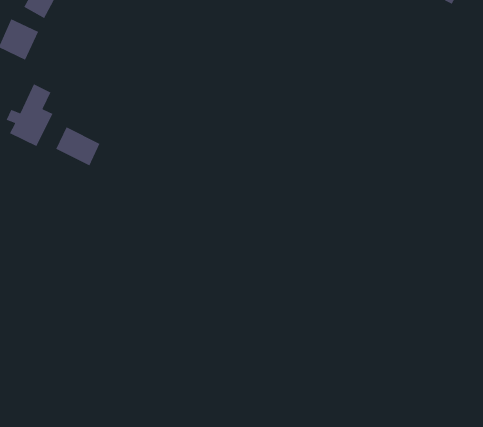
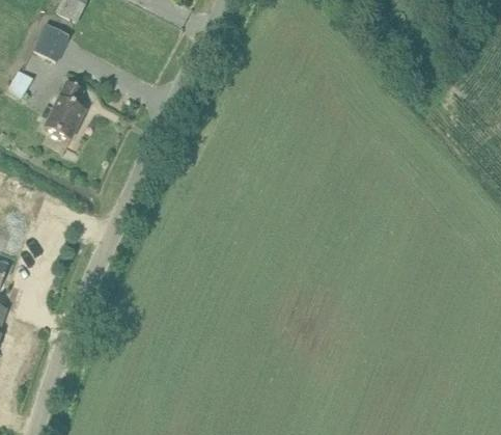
building: [55,126,101,166] -> none

